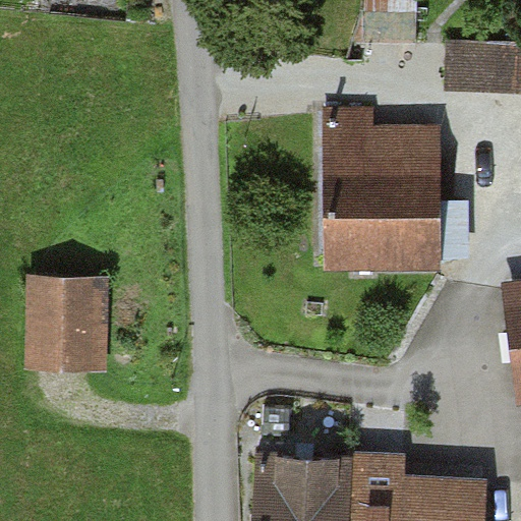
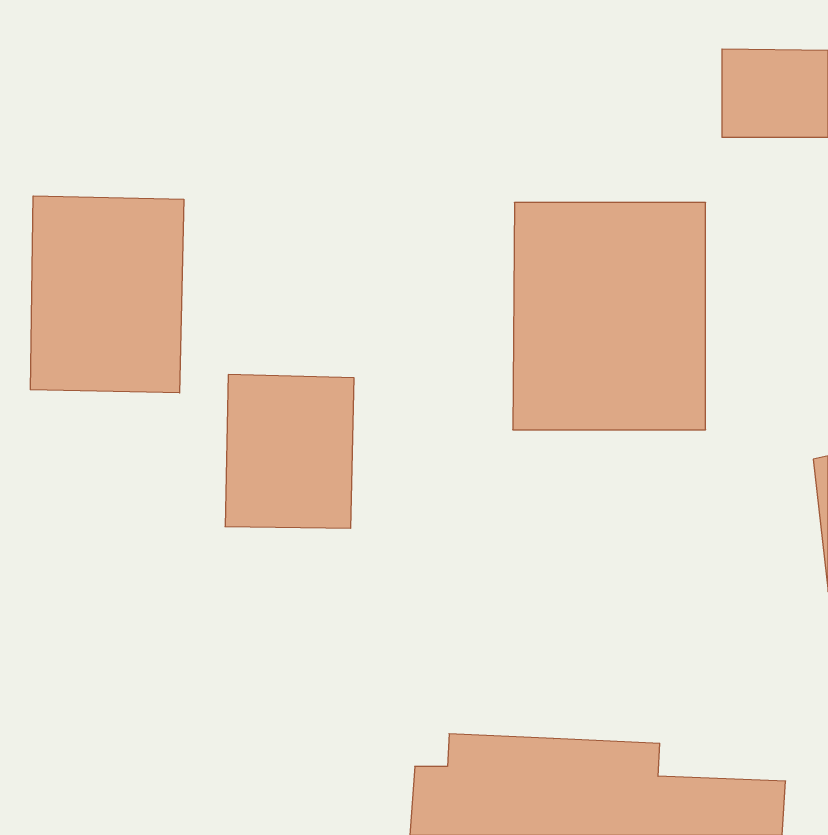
building: none -> [30,196,184,393]
building: [27,277,108,372] -> [225,375,354,528]

